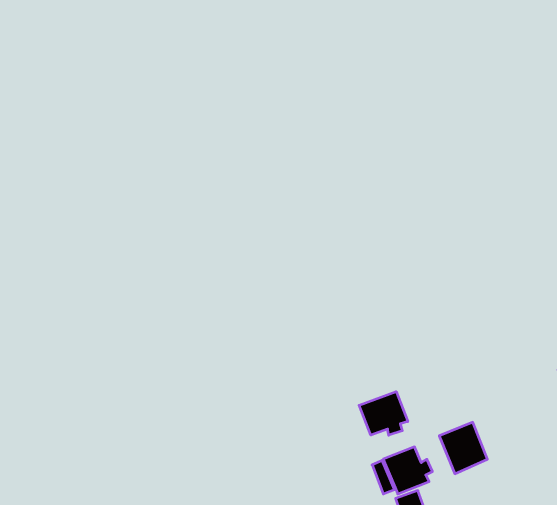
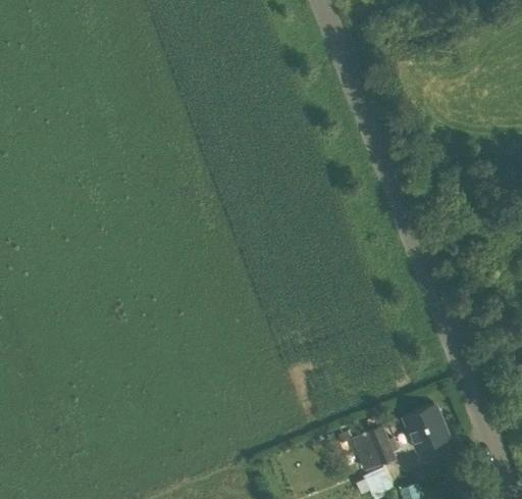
building: [359,392,408,435] -> none

